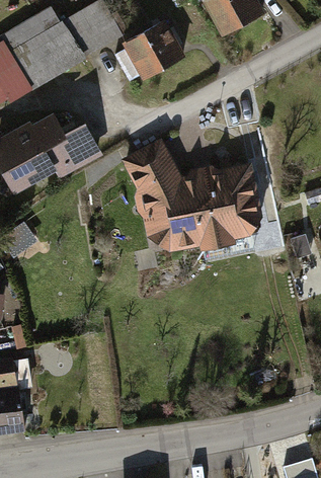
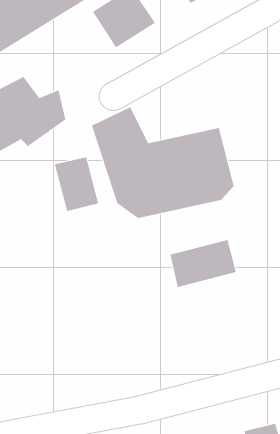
building: none -> [54,156,99,212]
building: none -> [170,239,236,288]

